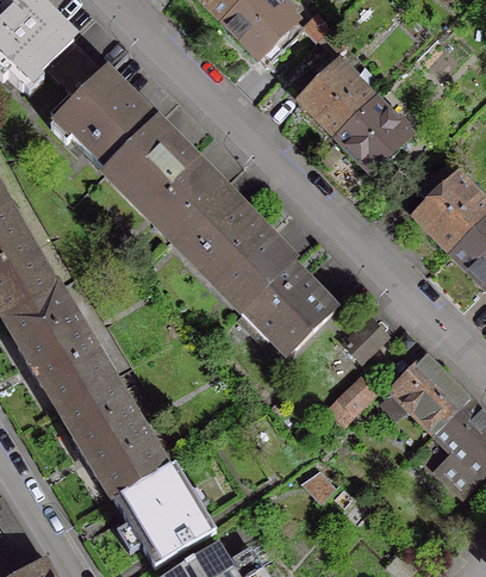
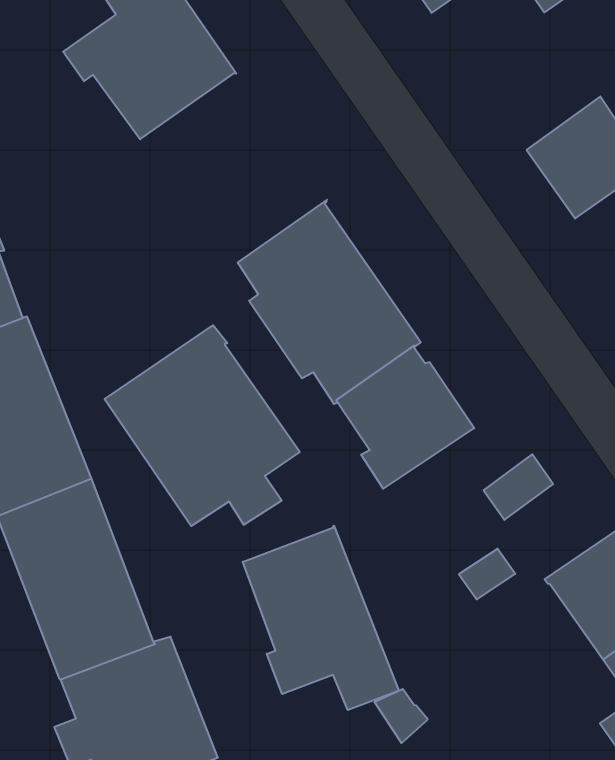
building: [287,57,374,137] -> none
building: [106,122,223,238] -> none
building: none -> [105,325,300,526]
building: none -> [243,526,399,710]

